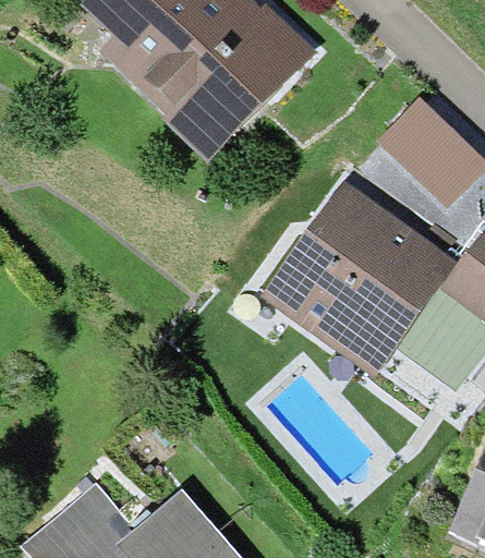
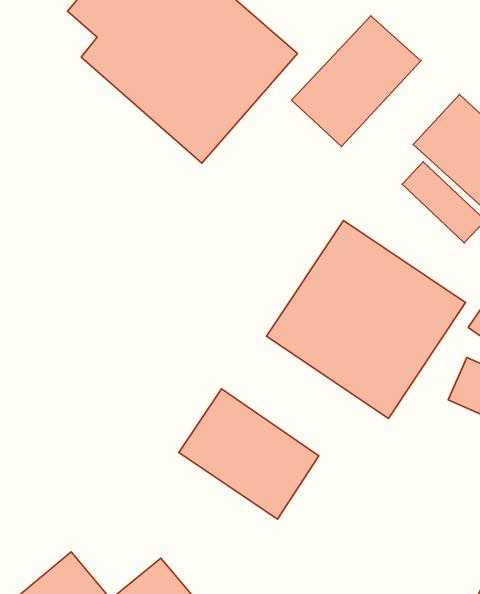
building: none -> [292,16,421,147]
building: none -> [179,389,319,519]

